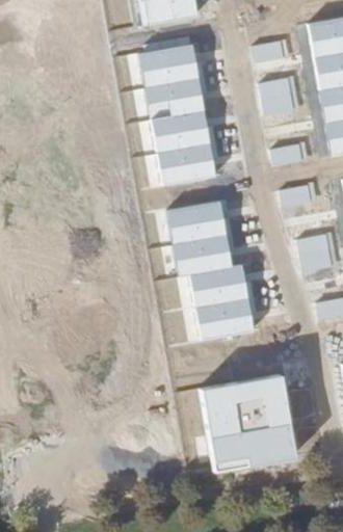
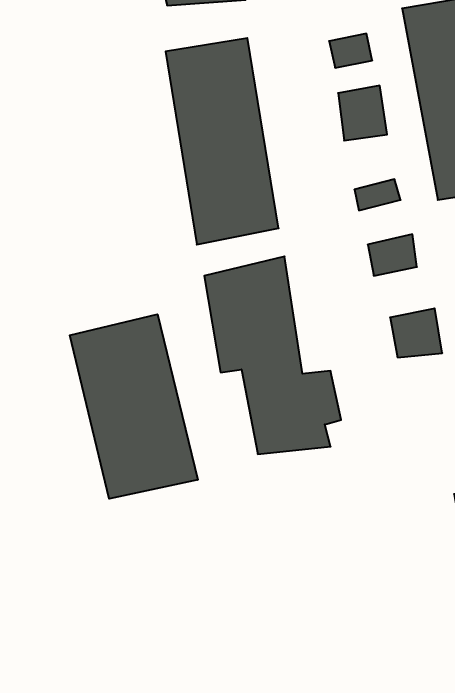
building: none -> [70,314,198,499]
building: [199,373,293,473] -> none

